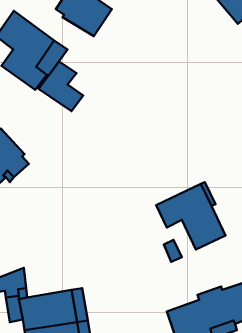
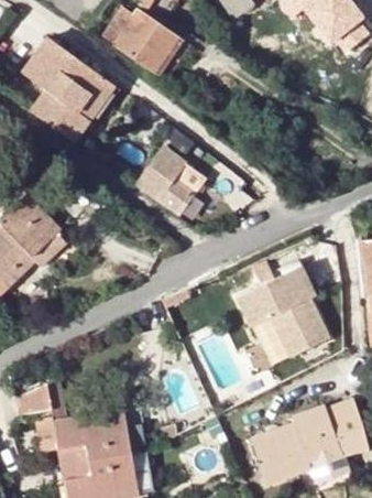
building: [39,62,83,111] -> [135,149,195,215]

